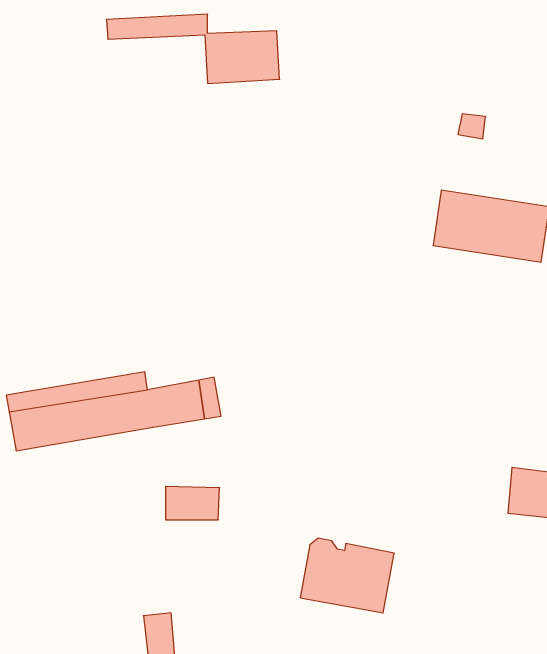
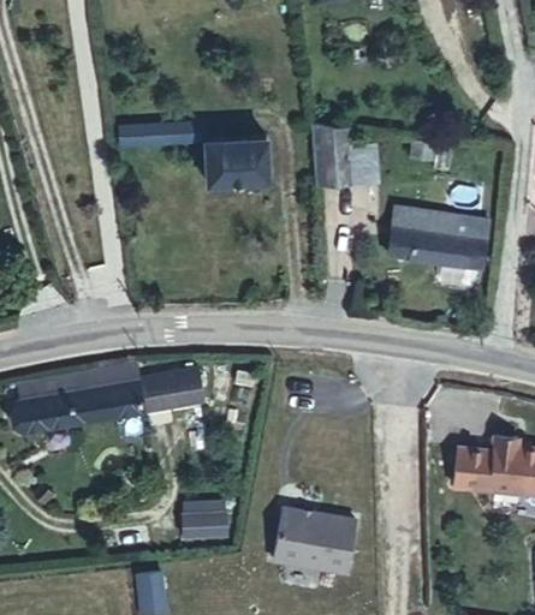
building: [106,14,280,83] -> [119,123,269,183]
building: none -> [311,123,357,183]
building: [166,486,220,520] -> [184,512,231,541]

